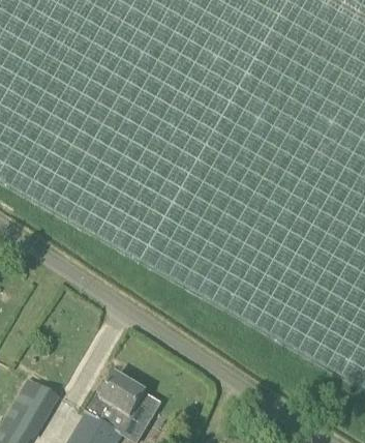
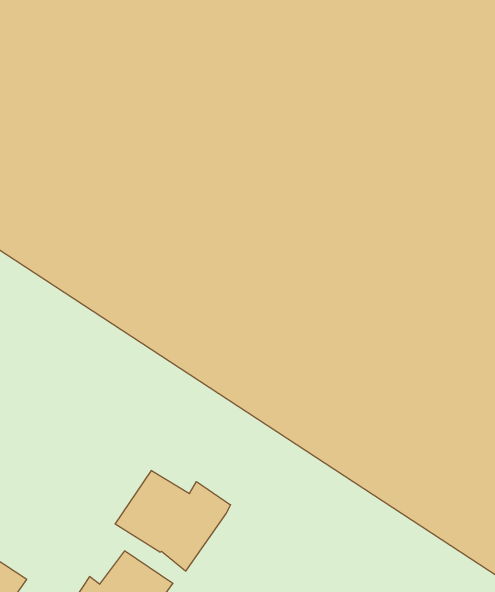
building: none -> [115,470,231,571]

